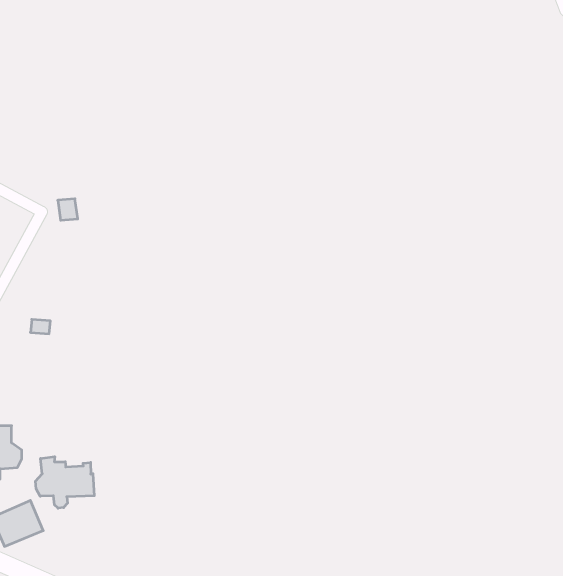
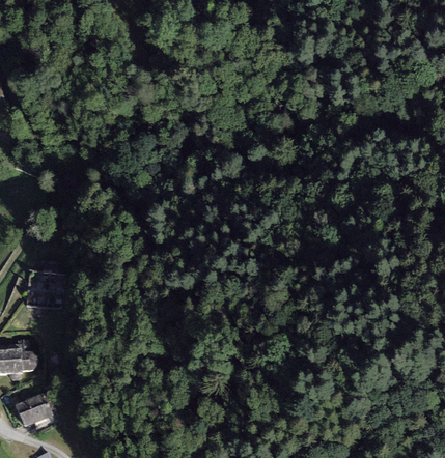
building: [35,457,94,508] -> none

